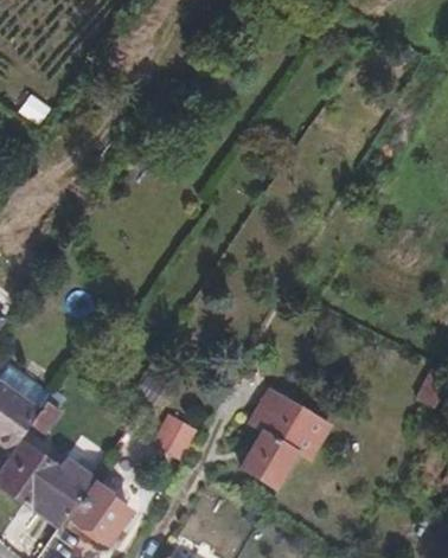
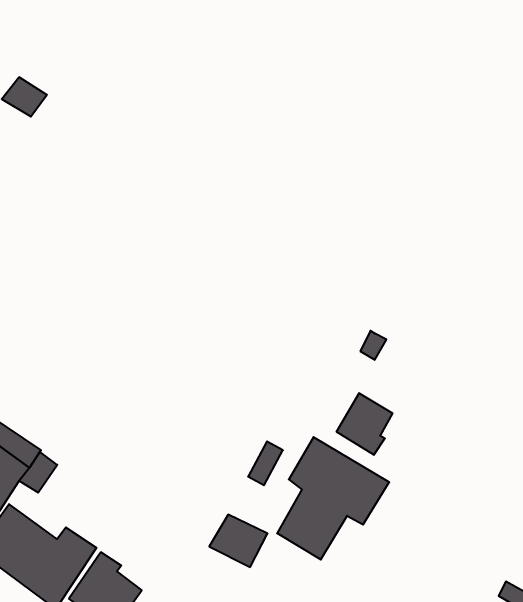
building: none -> [337,393,392,455]
building: [151,415,198,457] -> [209,515,268,567]

